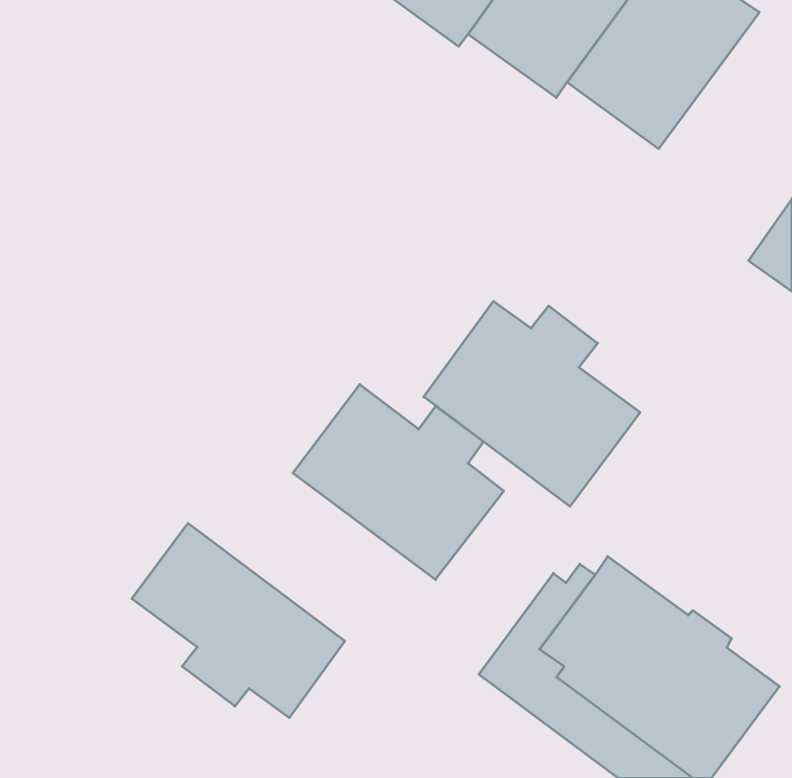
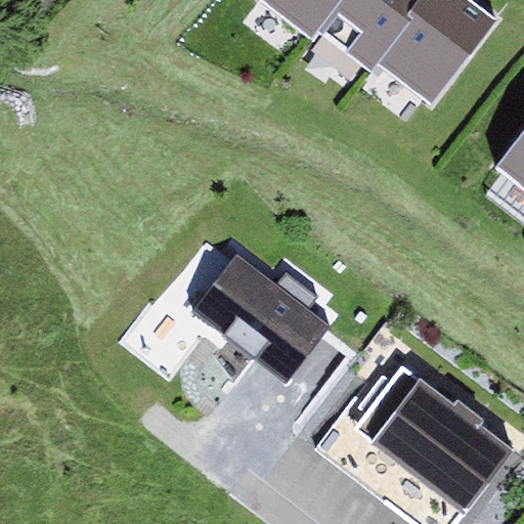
building: [424,301,640,506] -> none
building: [132,523,345,718] -> none

